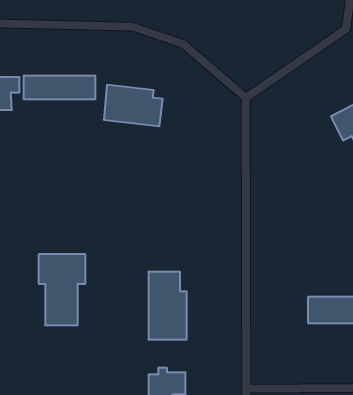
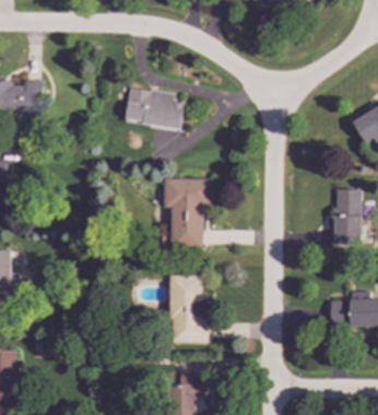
building: [24,75,95,99] -> none
building: none -> [332,188,361,243]
building: [39,254,85,325] -> [165,177,212,249]

